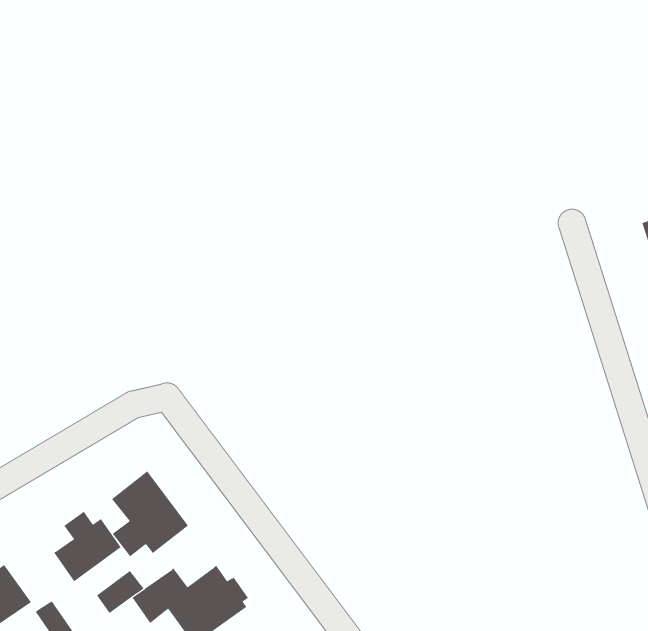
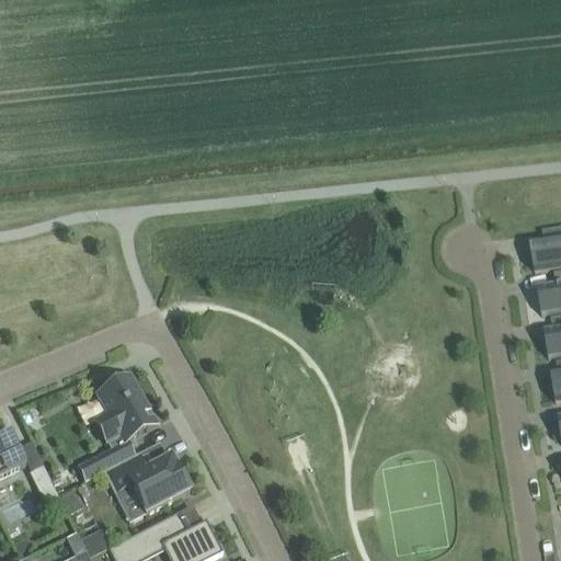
building: [53,511,121,582] -> none

